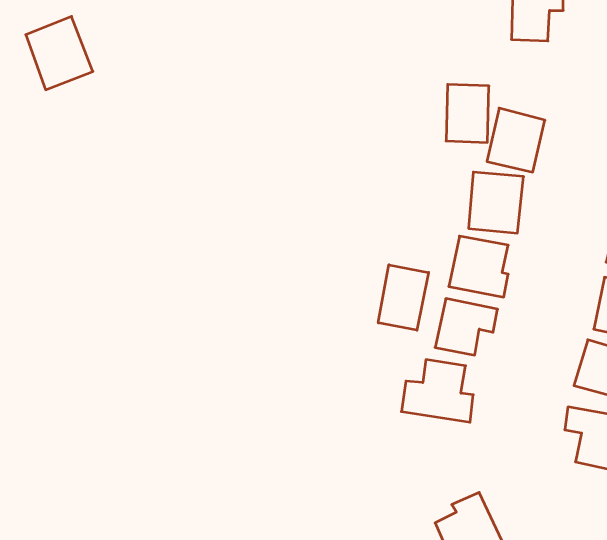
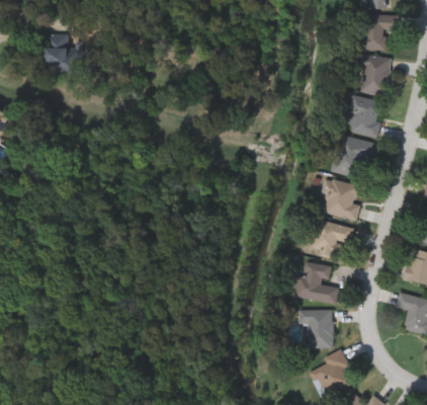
building: [446,84,489,142] -> [361,55,390,93]
building: [378,265,429,330] -> none
building: none -> [298,310,332,347]

